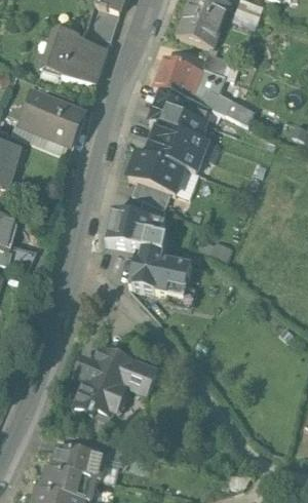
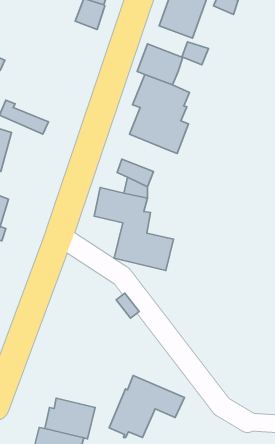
building: [43,28,104,79] -> none
building: [191,82,253,124] -> none
building: [20,90,83,143] -> none
building: [127,147,185,191] -> none
building: [75,348,156,415] -> [109,376,185,437]

